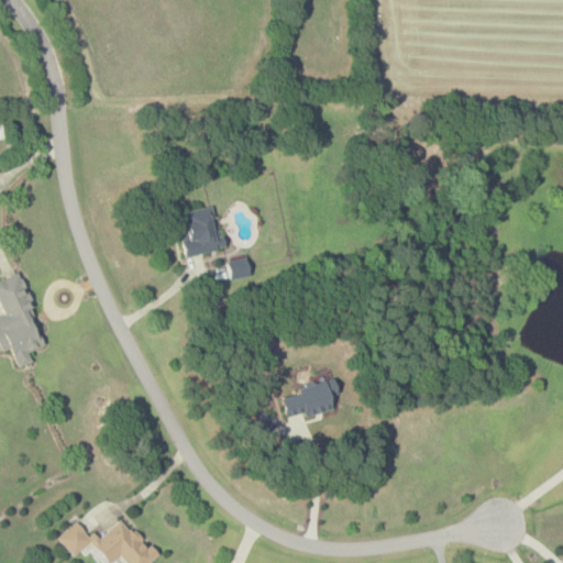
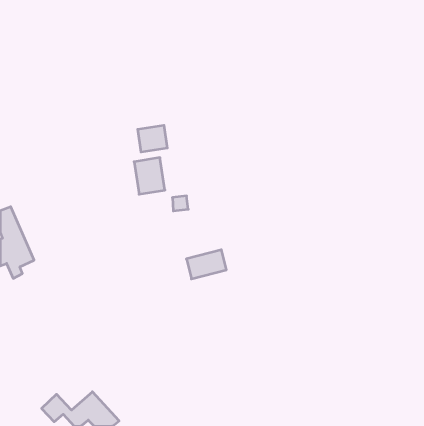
building: none -> [138,125,167,152]
building: [283,382,335,420] -> [186,250,226,279]

